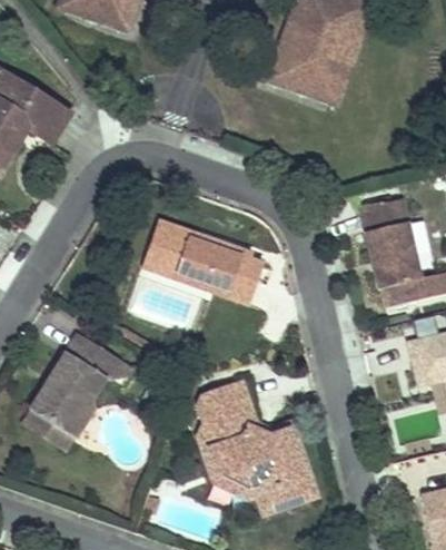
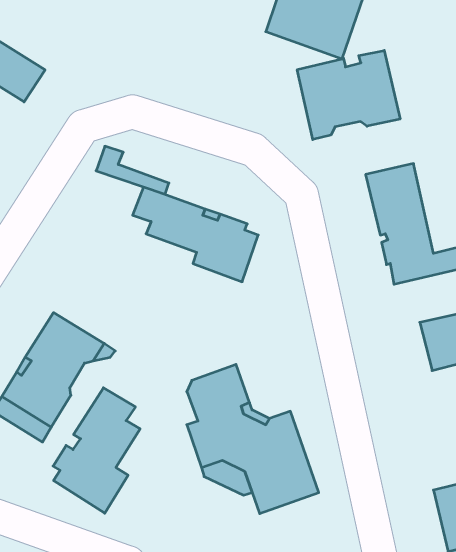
building: none -> [297,50,400,140]
building: [141,244,207,287] -> [96,146,169,194]
building: none -> [53,388,140,513]

